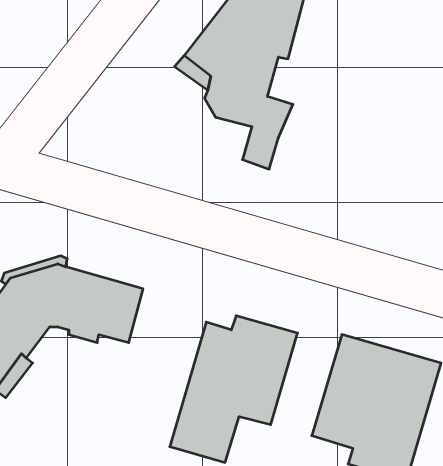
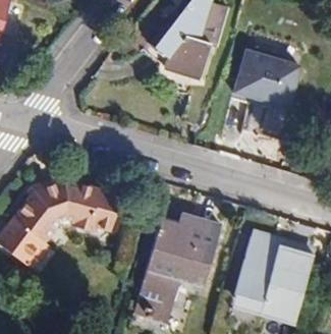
building: none -> [235,51,300,107]

